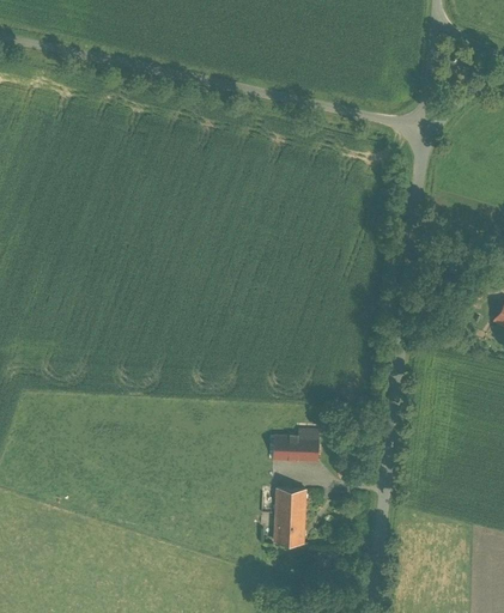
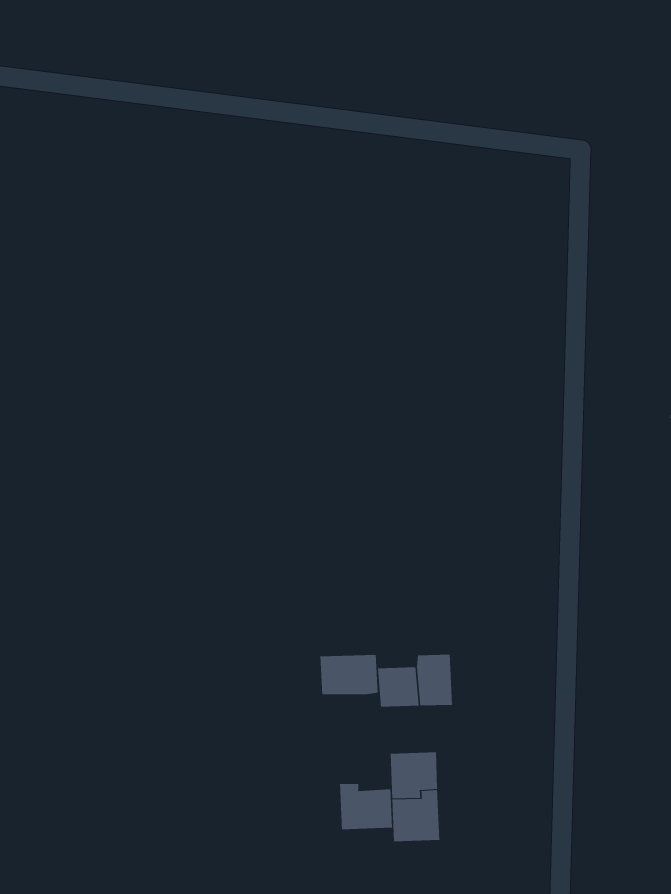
building: none -> [320,654,378,695]
building: none -> [340,783,393,830]

